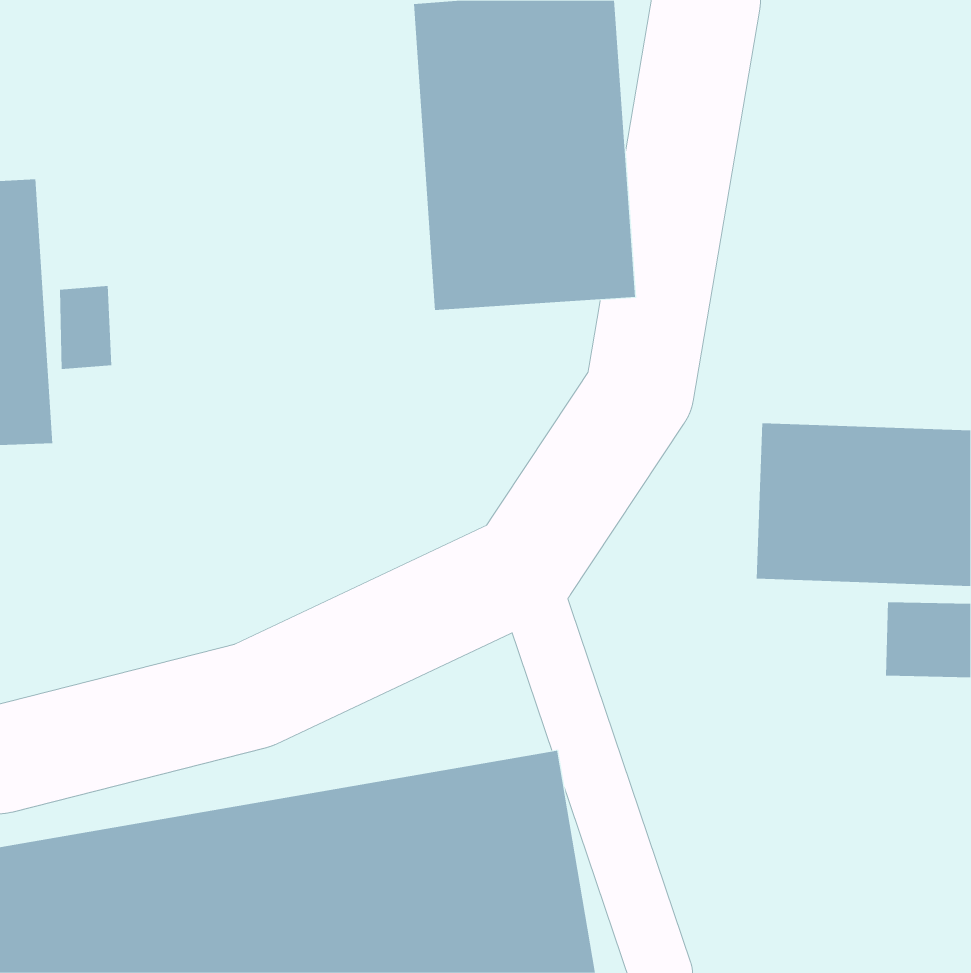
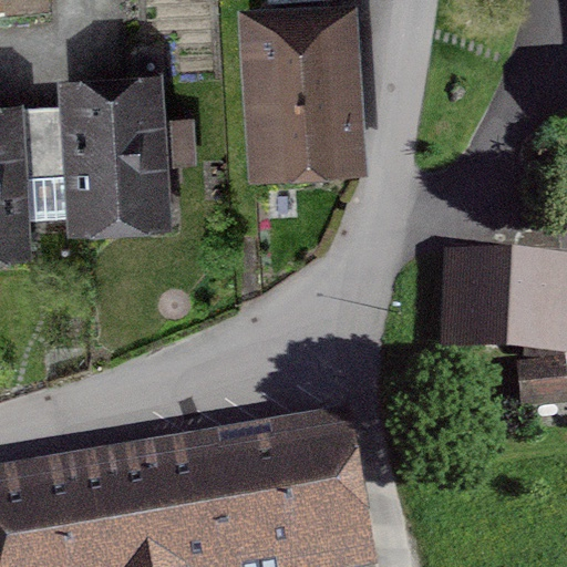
building: none -> [59,72,175,233]

